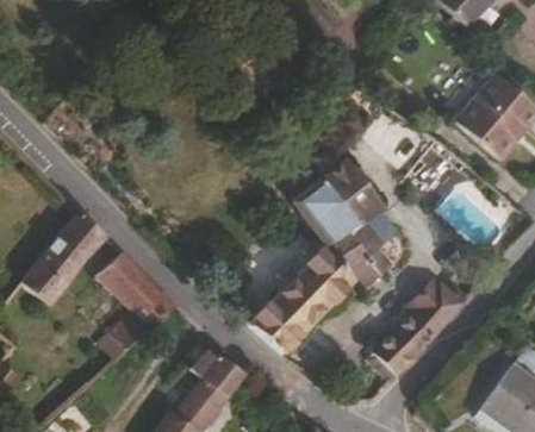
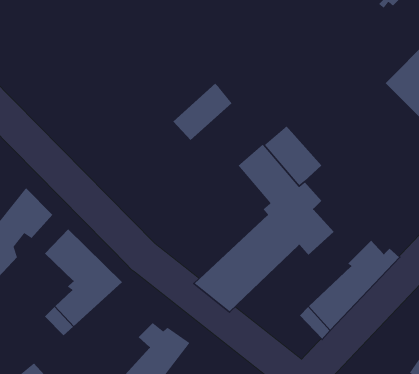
building: none -> [173,83,233,141]

